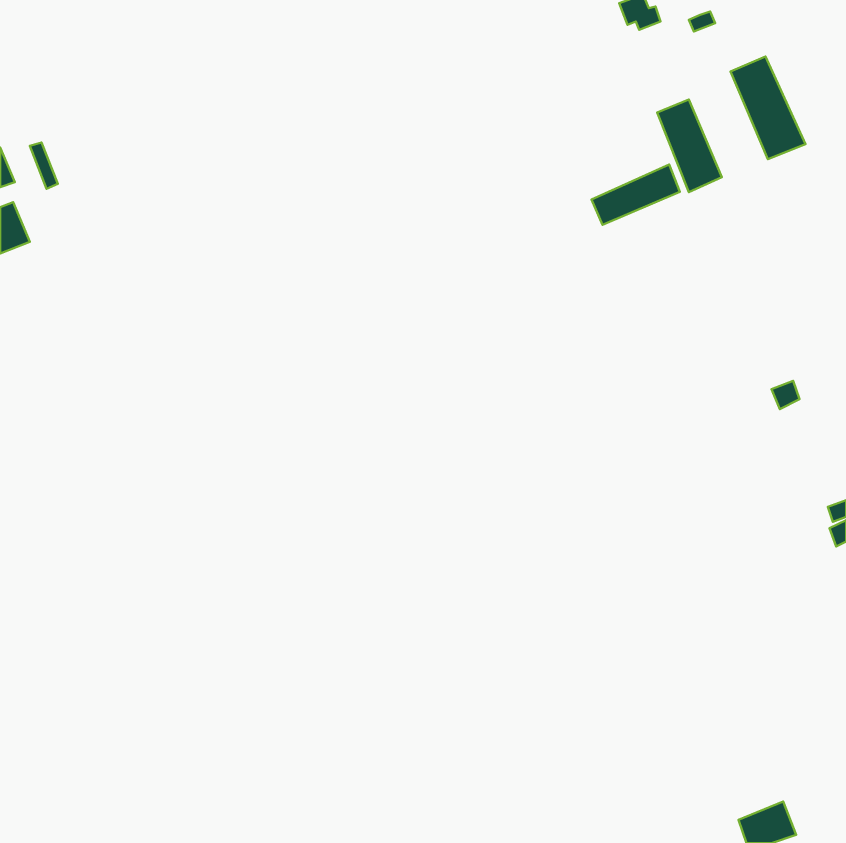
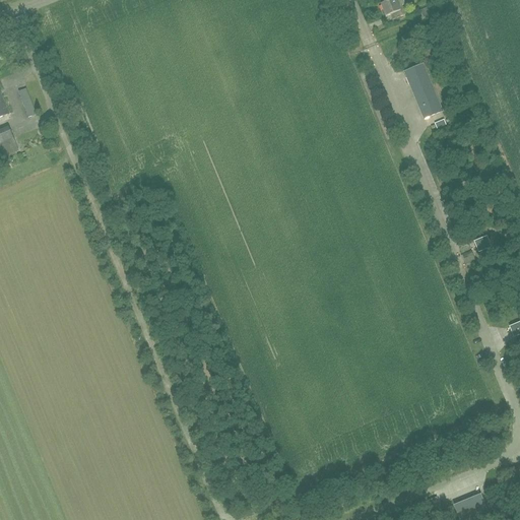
building: [730,57,805,159] -> none
building: [592,165,680,225] -> none

